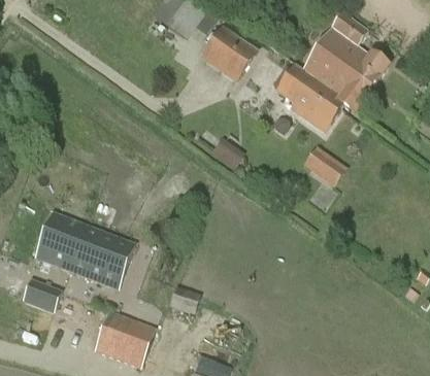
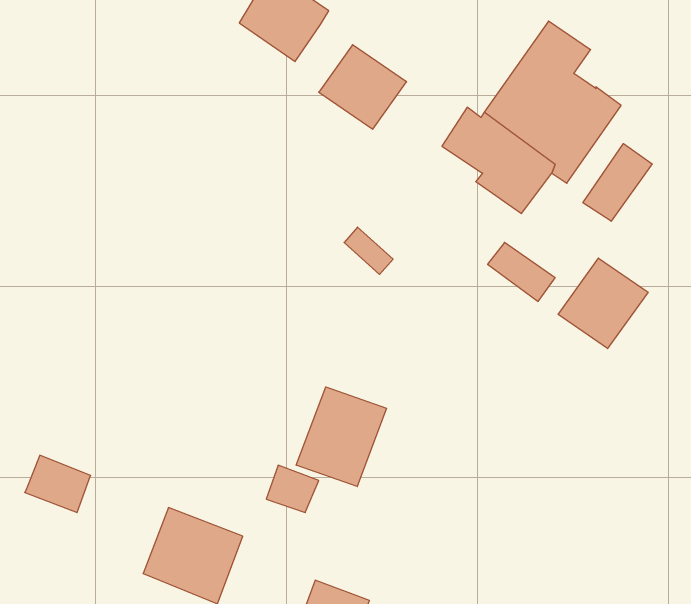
building: none -> [583,144,652,221]
building: none -> [558,258,648,349]
building: [32,210,134,289] -> none
building: none -> [296,387,387,487]

